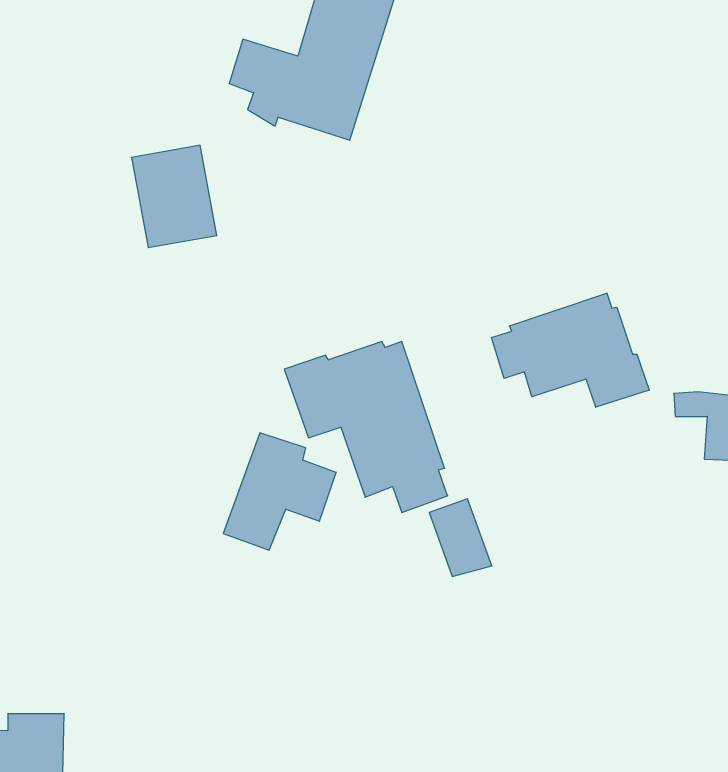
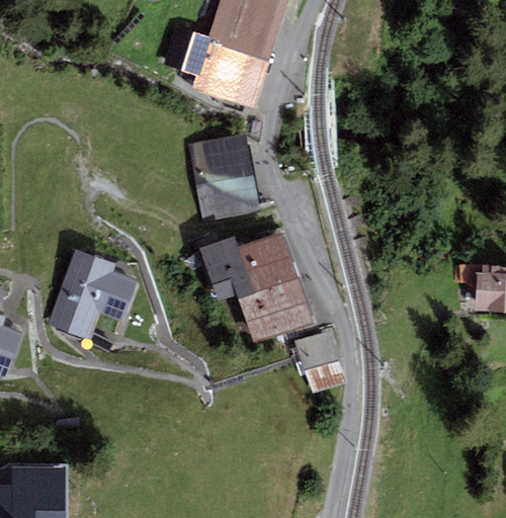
building: [131,145,217,248] -> [194,146,251,213]
building: [492,293,649,407] -> none
building: [223,433,336,550] -> [54,254,129,332]

